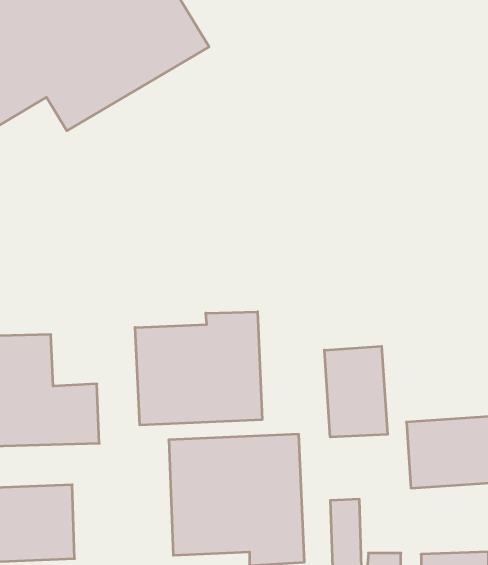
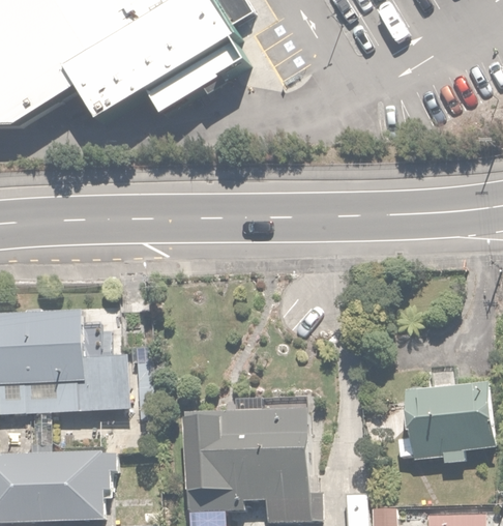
building: [135,312,262,425] -> none
building: [324,346,388,437] -> none

